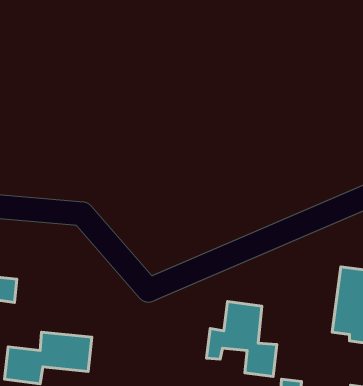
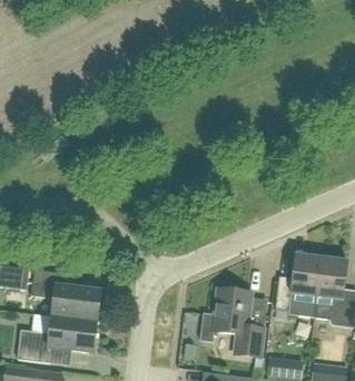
building: none -> [275,254,322,316]
building: none -> [31,282,101,321]

